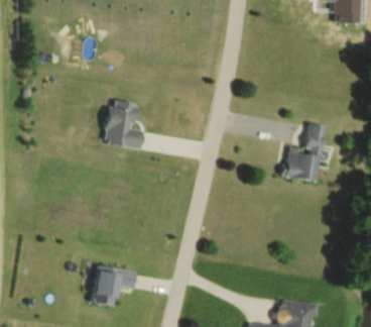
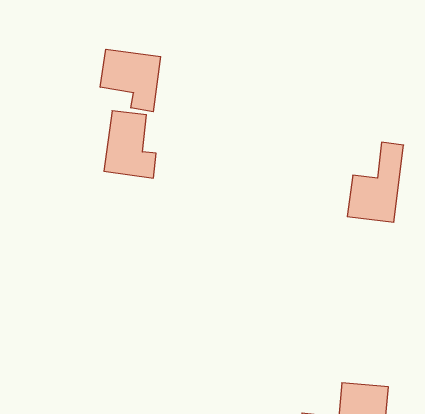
building: none -> [100,49,161,112]
building: [92,265,136,307] -> none

